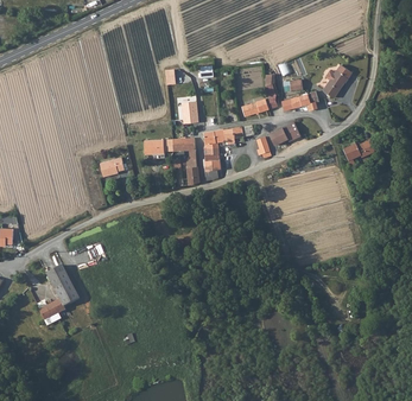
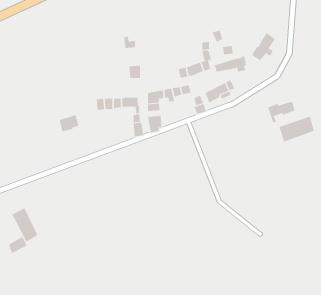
building: none -> [279,116,314,142]

